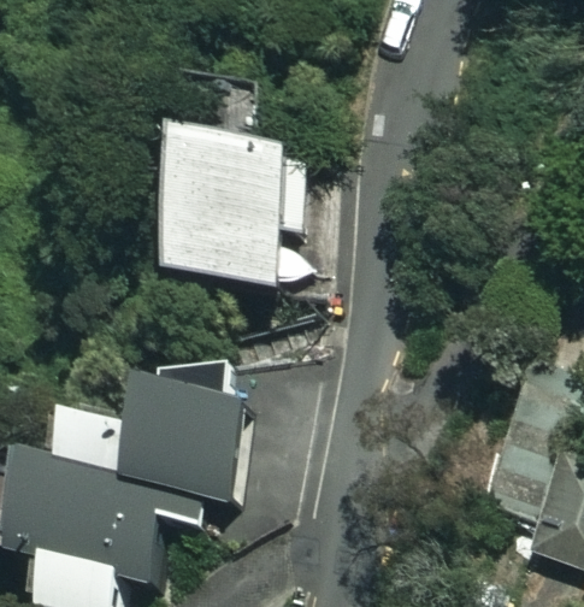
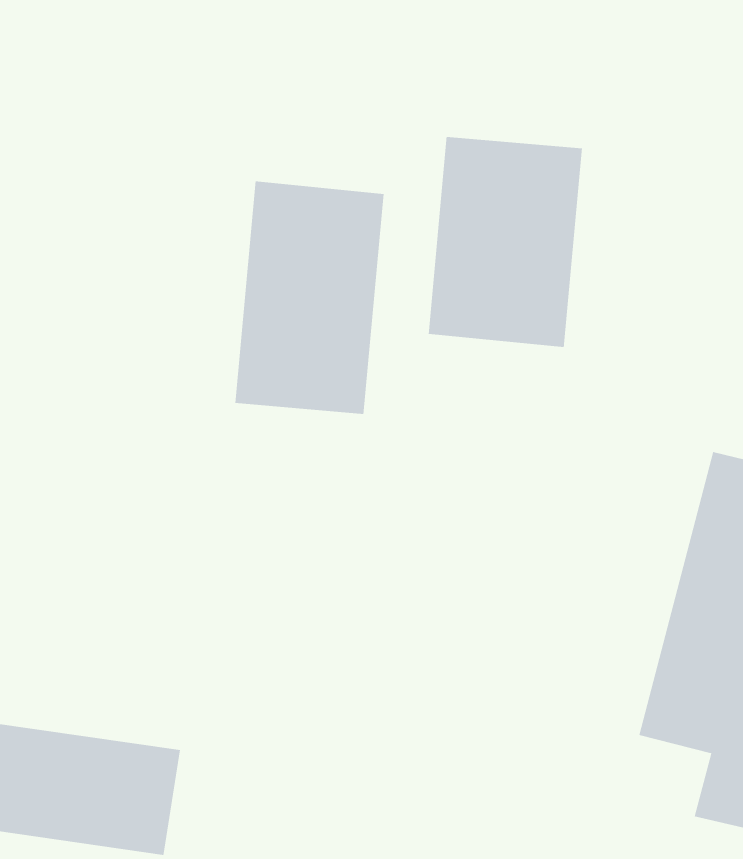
building: none -> [428,136,583,348]
building: [153,385,273,493] -> none

